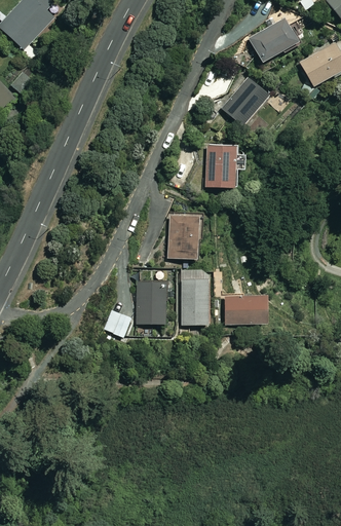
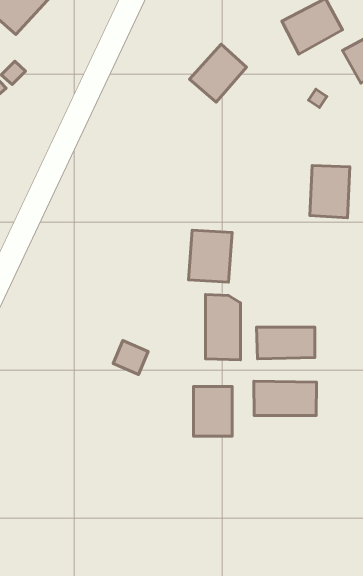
building: [218,79,266,128] -> [189,44,247,102]
building: [202,148,236,192] -> [310,166,350,218]
building: [136,281,168,324] -> [193,386,232,436]
building: none -> [254,381,317,416]

